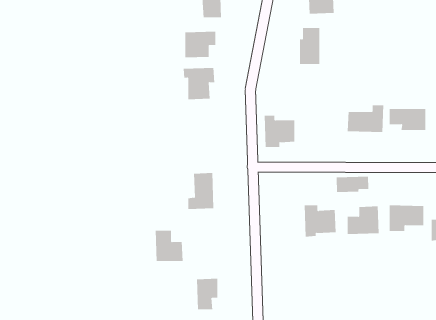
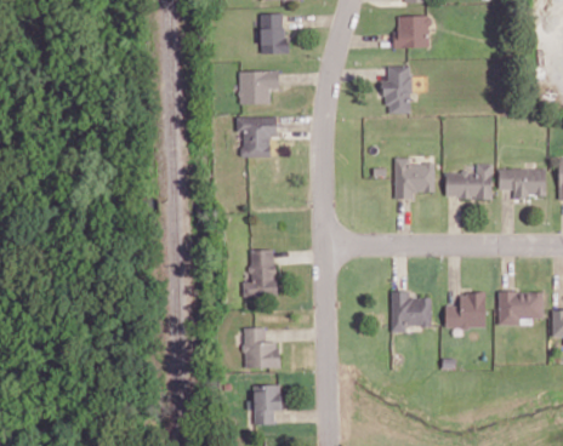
building: [264,115,295,148] -> [394,158,434,199]
building: [336,176,369,193] -> none
building: [155,230,183,262] -> [244,327,280,367]

